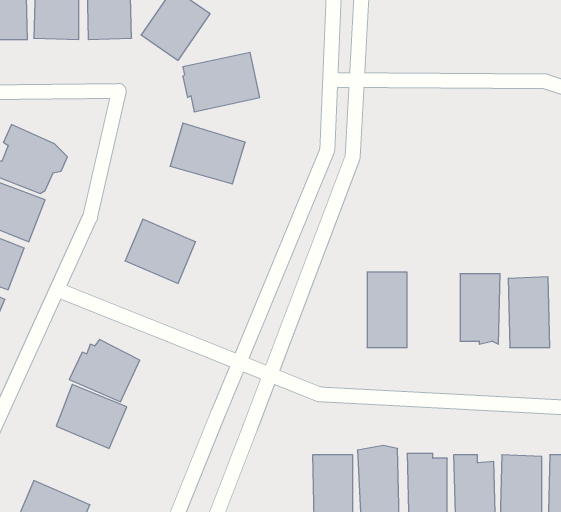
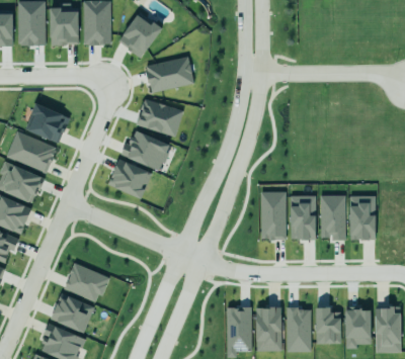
building: none -> [123,129,170,171]
building: none -> [290,195,316,240]
building: [69,339,140,402] -> [49,291,93,331]

